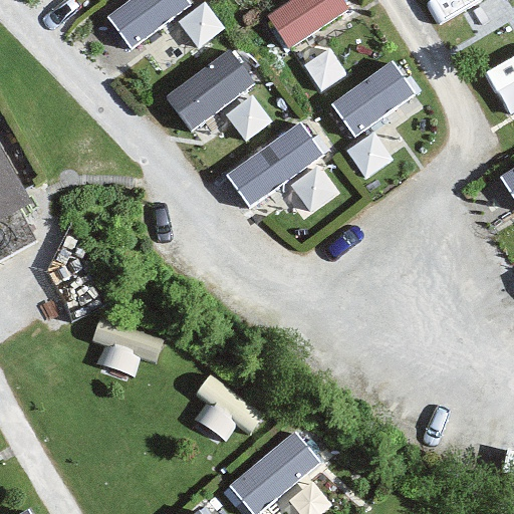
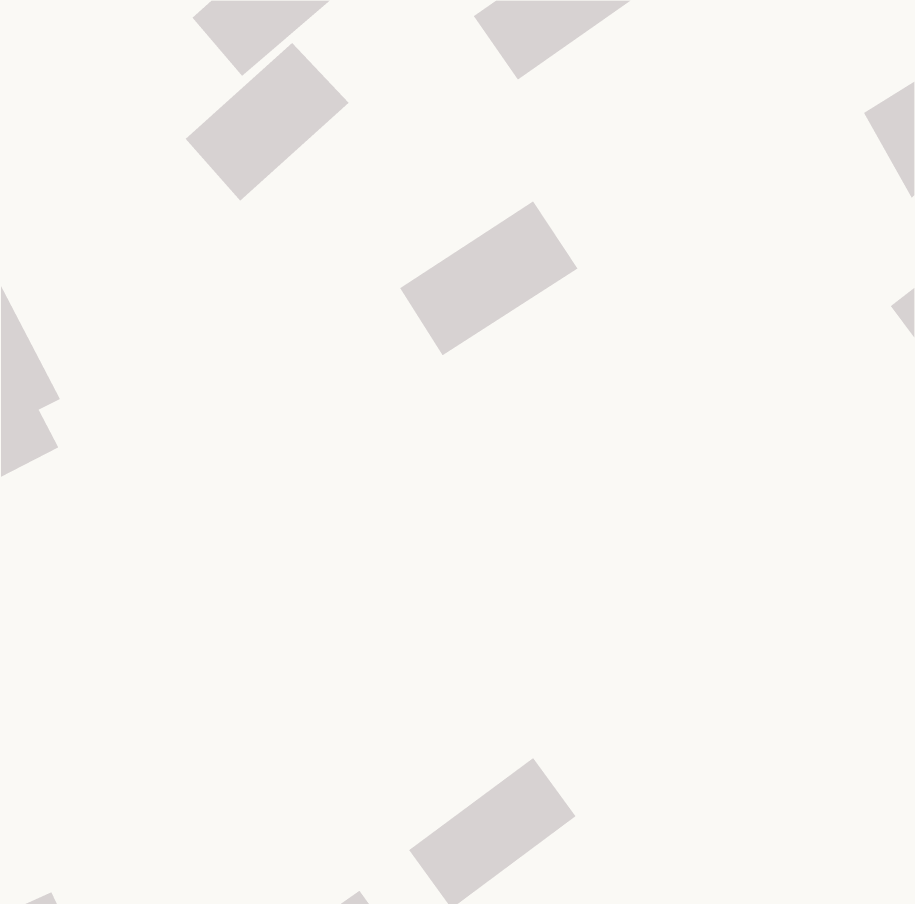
building: [167,44,259,134] -> [185,42,350,201]
building: [331,63,417,132] -> none

